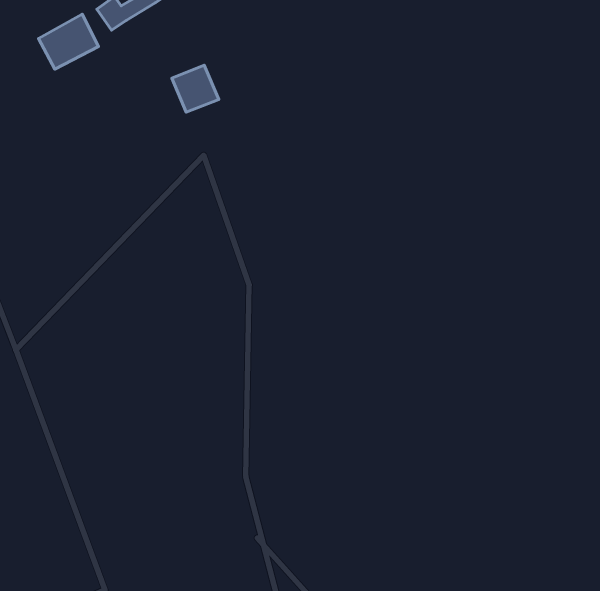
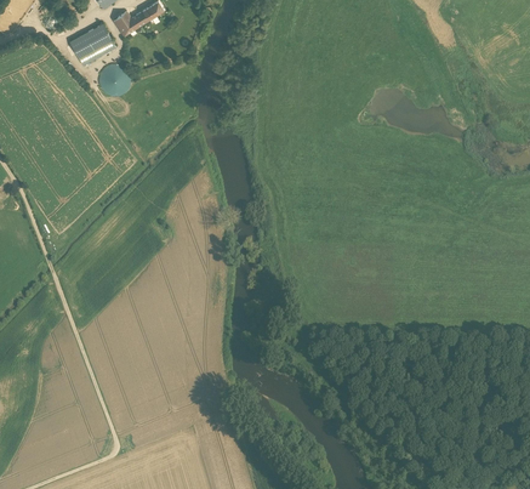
building: [172,65,219,112] -> [97,62,132,97]

